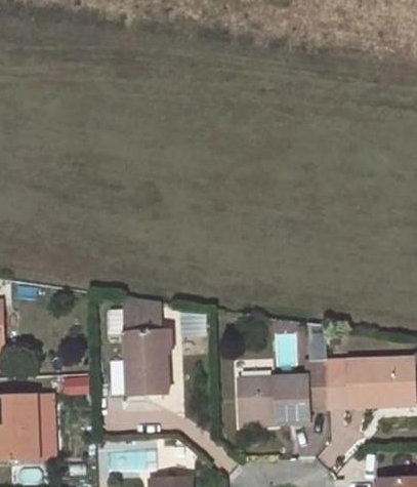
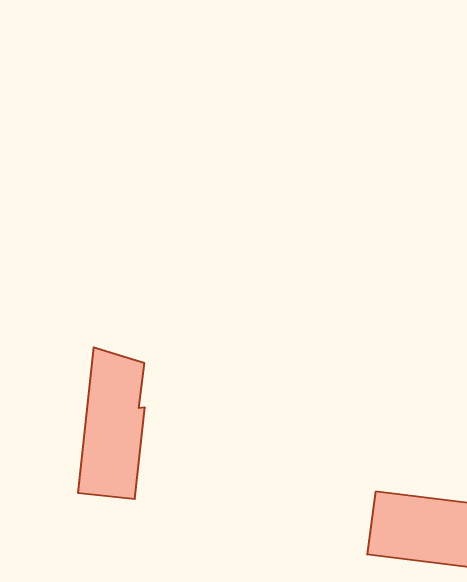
building: [239,341,329,421] -> none

